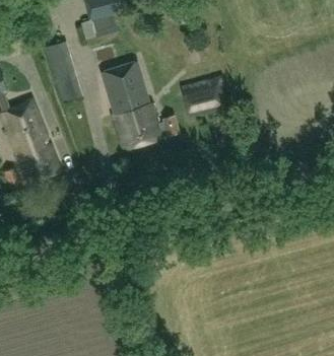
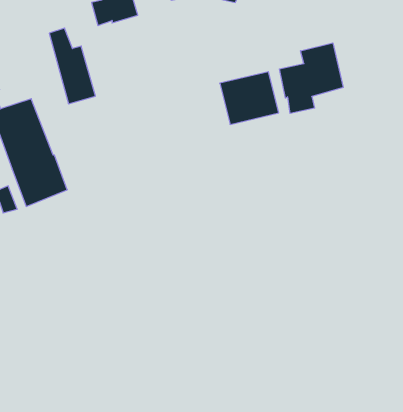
building: none -> [280,43,343,113]
building: [105,64,178,148] -> none

